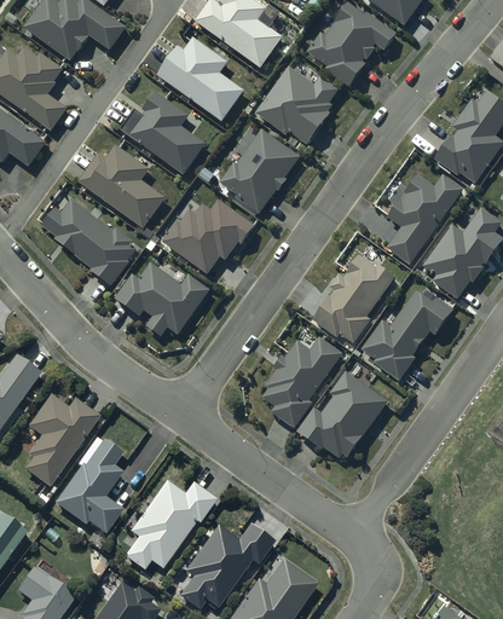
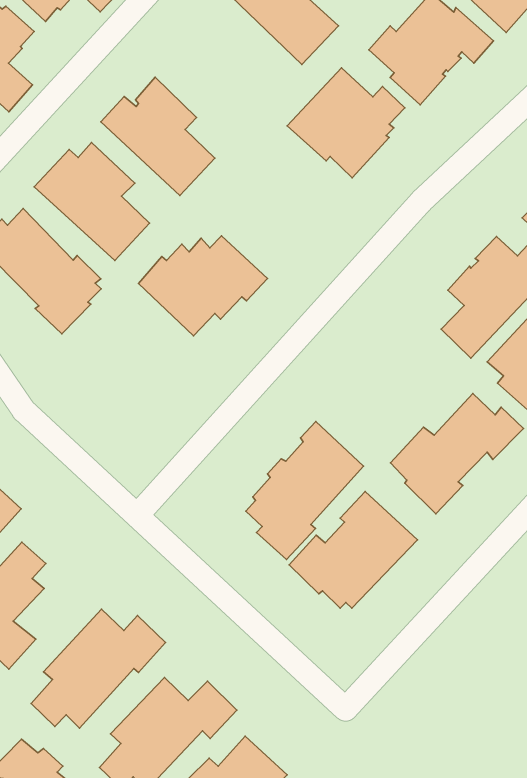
building: [158,37,244,121] -> none
building: [219,128,300,214] -> none
building: [313,255,394,343] -> none
building: [115,262,209,336] -> none

